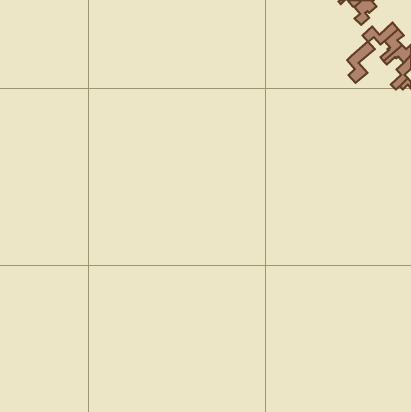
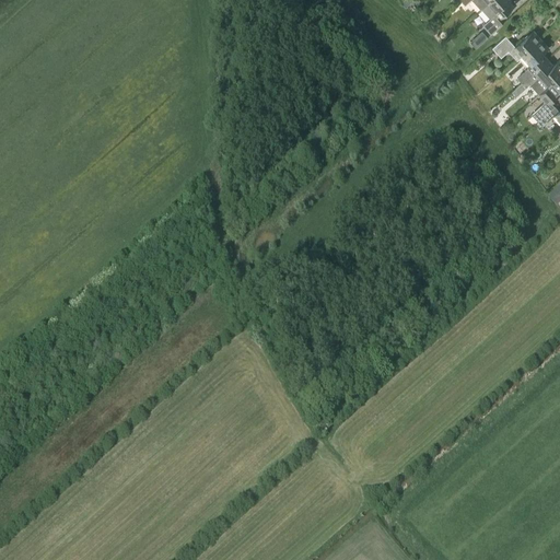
building: [347,41,375,83] -> none

